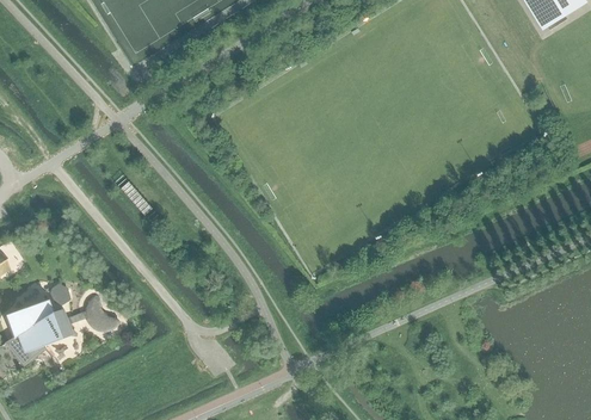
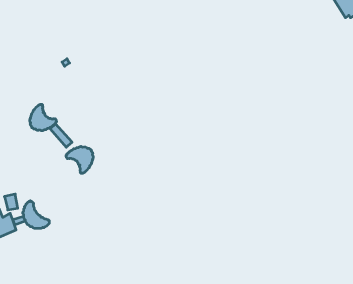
building: none -> [30,104,57,131]
building: none -> [66,146,93,173]

